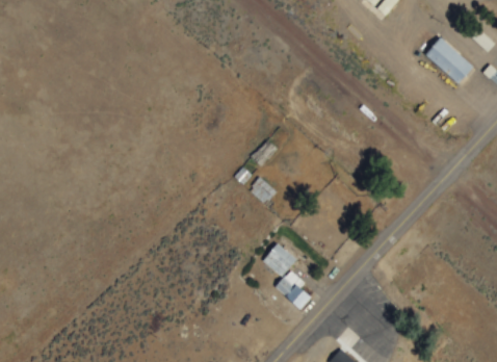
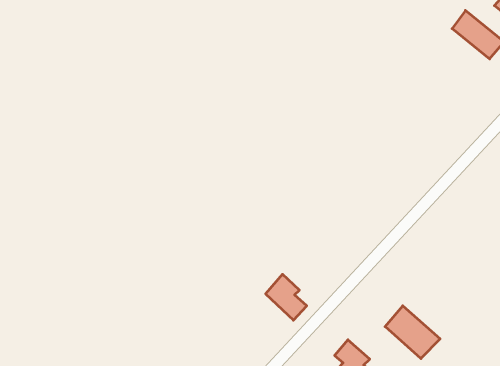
building: [261,242,295,276] -> none
building: none -> [385,306,440,359]

